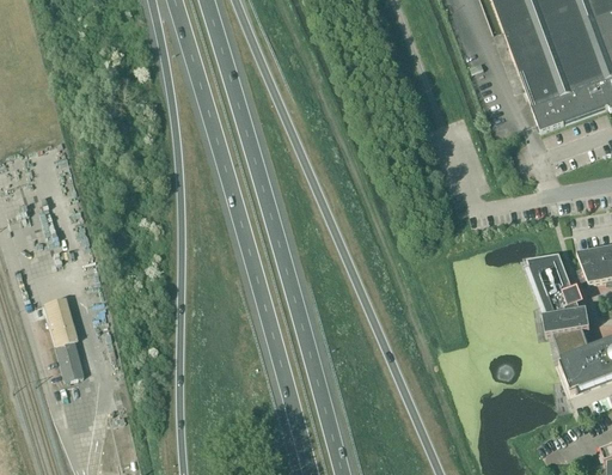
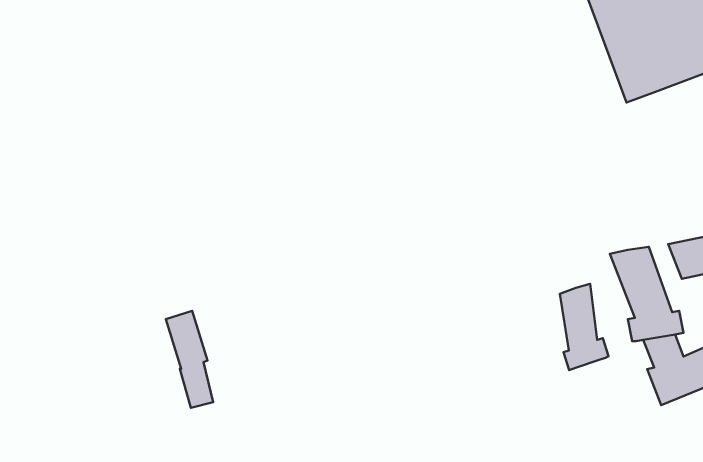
building: none -> [560,284,608,370]
building: [42,296,82,379] -> [166,311,213,408]

